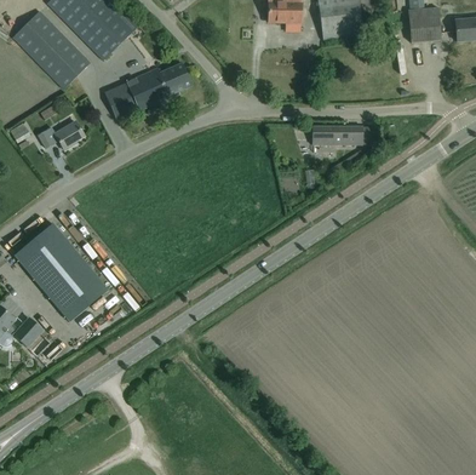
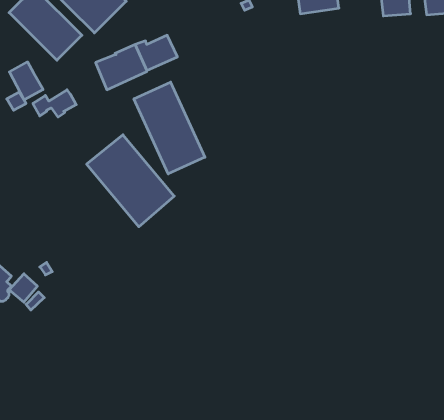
building: none -> [9,62,43,100]
building: none -> [134,82,205,174]
building: [311,126,362,144] -> none
building: [13,223,107,321] -> [87,135,174,227]

